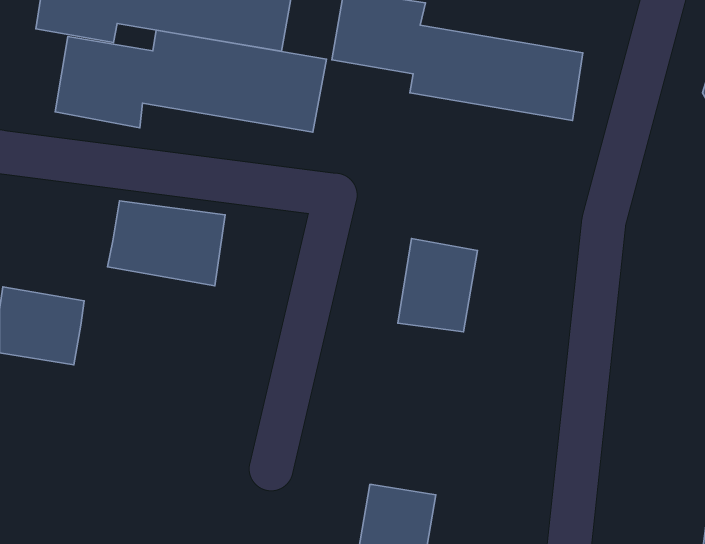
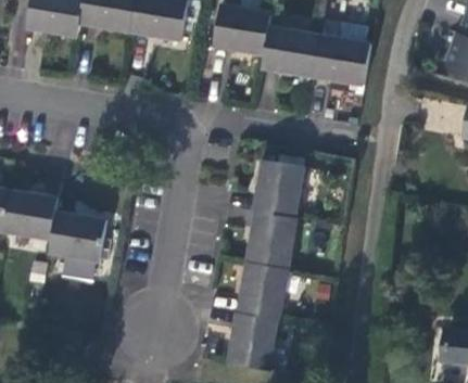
building: [55,30,326,132] -> none
building: [107,201,225,286] -> [47,213,121,266]
building: none -> [237,212,295,319]

